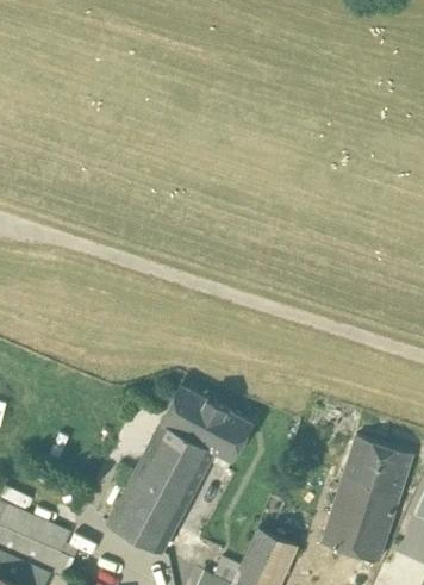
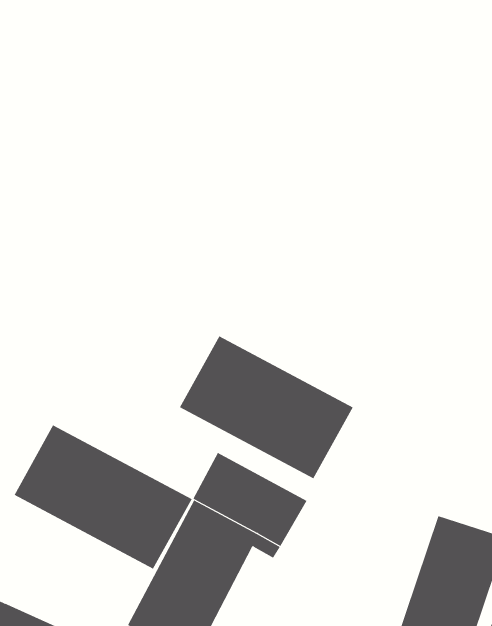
building: none -> [179,335,353,479]
building: none -> [14,425,192,569]

